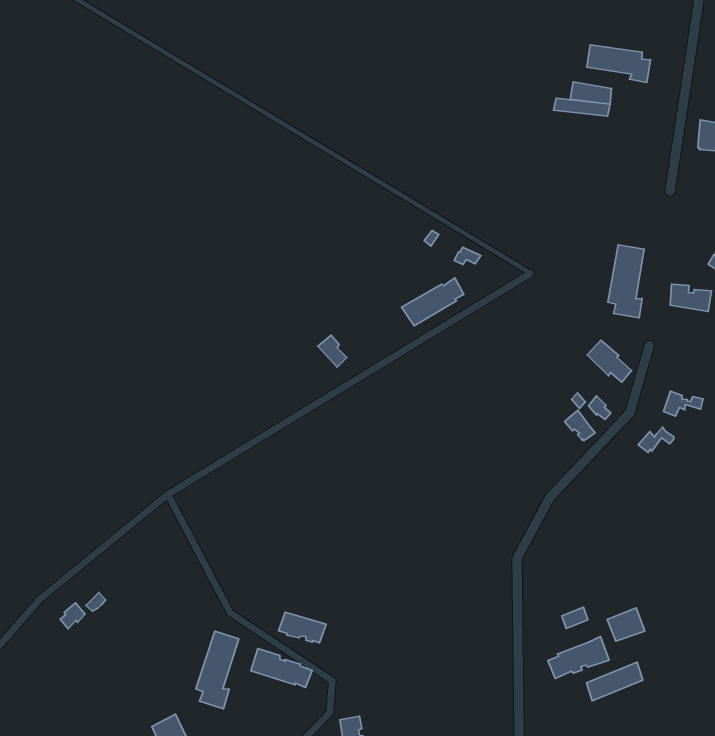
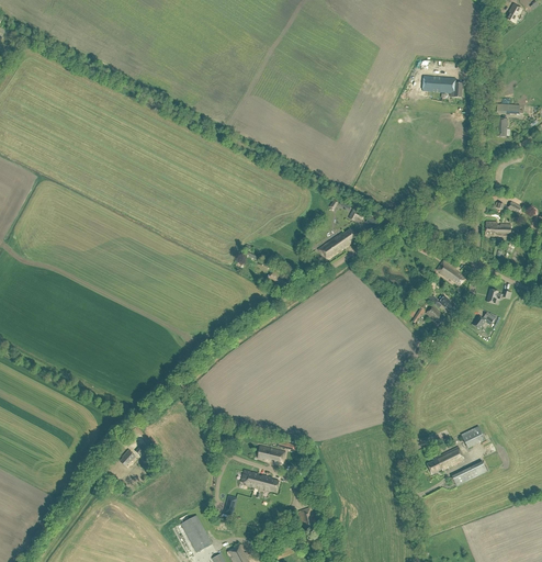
building: [608,245,644,318] -> none
building: [196,631,239,709] -> none

